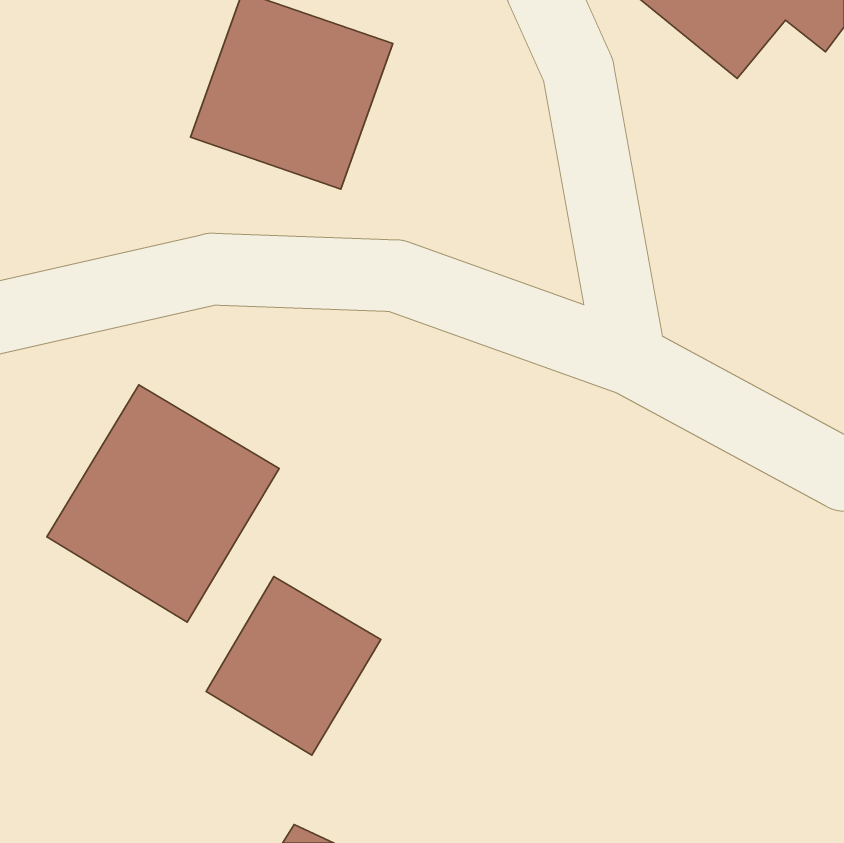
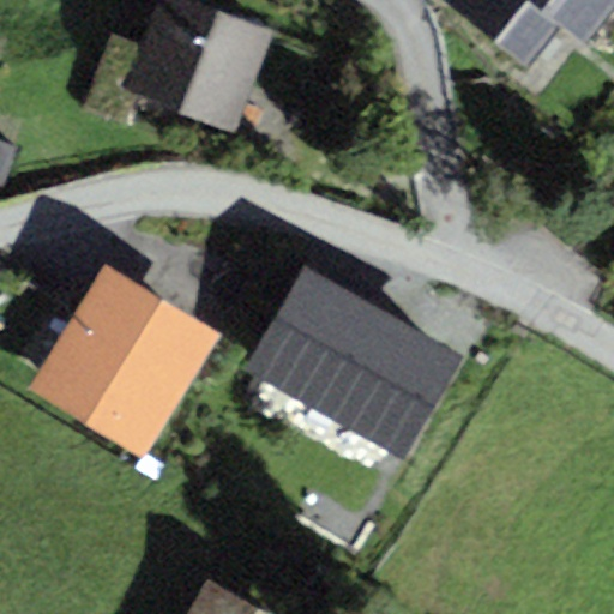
building: none -> [252,273,446,444]
building: [206,577,381,755] -> none

